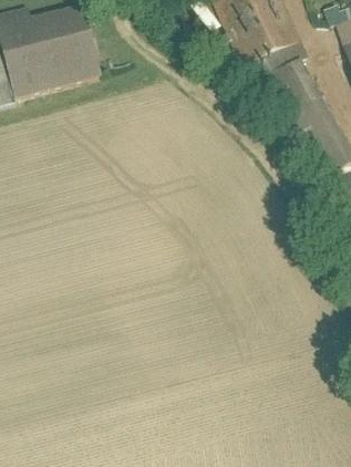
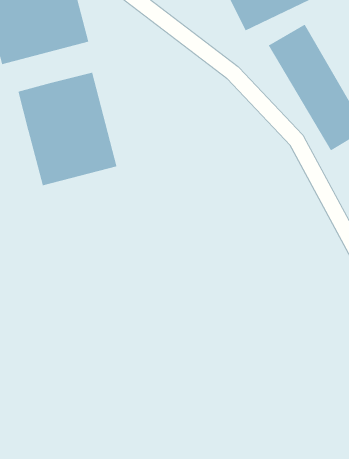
building: none -> [18,72,117,186]

